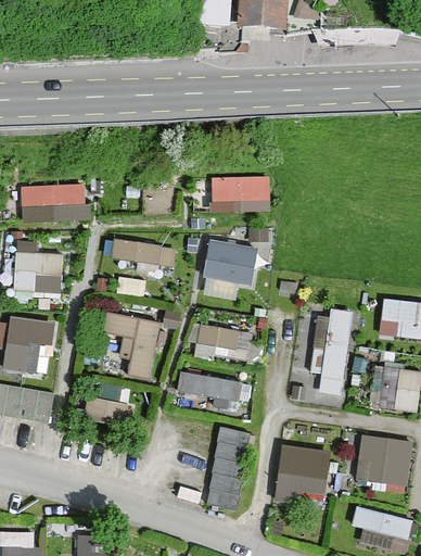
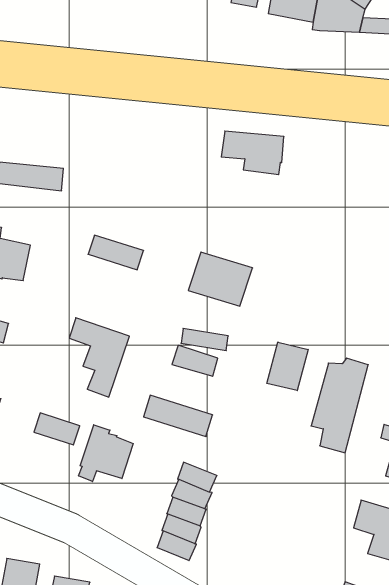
building: [213,176,266,210] -> [221,131,284,175]
building: none -> [267,342,308,391]
building: none -> [79,425,133,482]
building: [292,447,348,503] -> none

